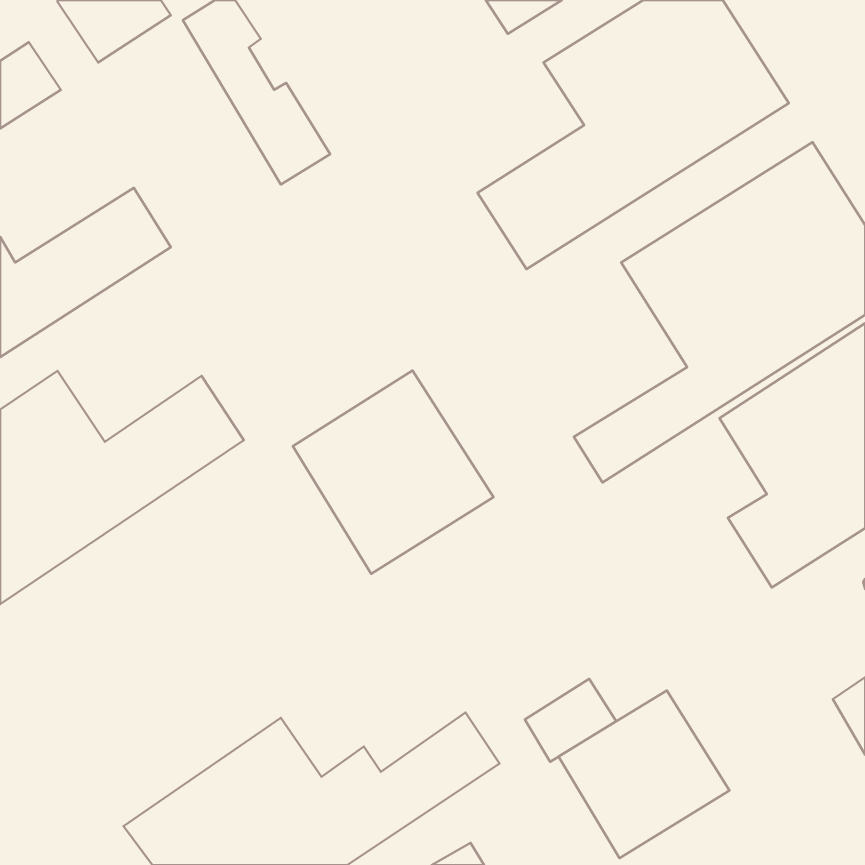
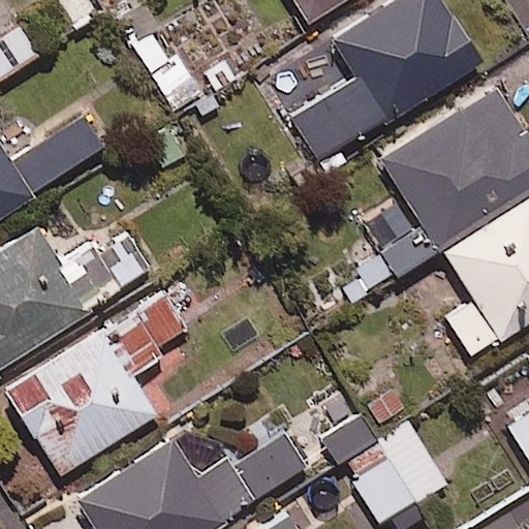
building: [293,371,493,574] -> none
building: none -> [5,291,185,475]

